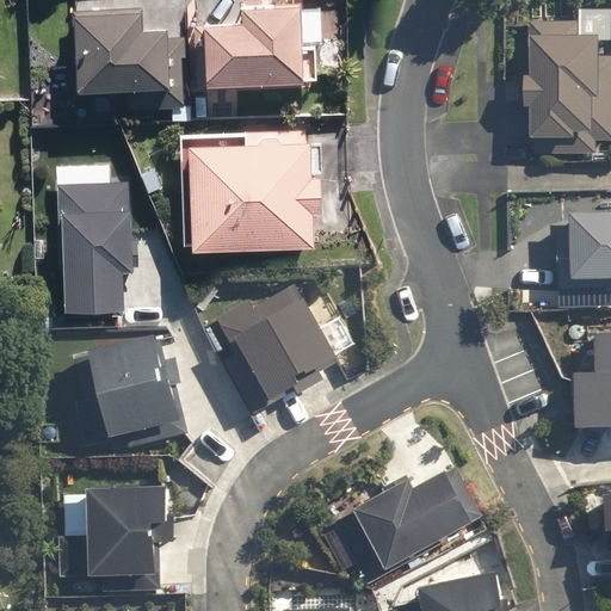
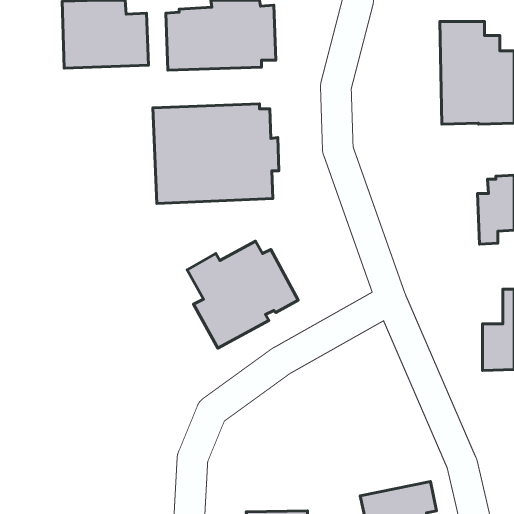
building: [55,184,136,304] -> none
building: [67,335,192,445] -> none
building: [334,465,487,585] -> none
building: [61,487,178,581] -> none

